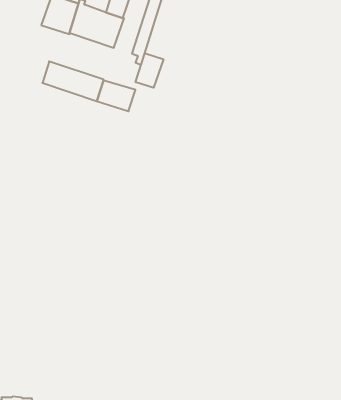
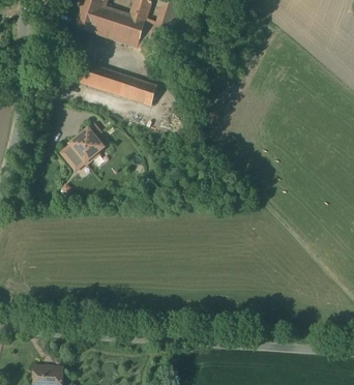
building: [136,53,163,88] -> none
building: none -> [62,130,106,170]

